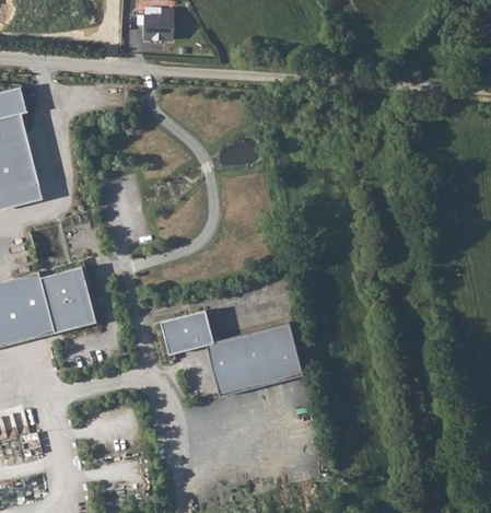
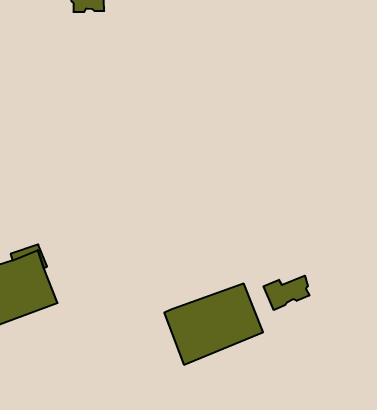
building: [156,308,210,355] -> none
building: none -> [264,276,309,310]

